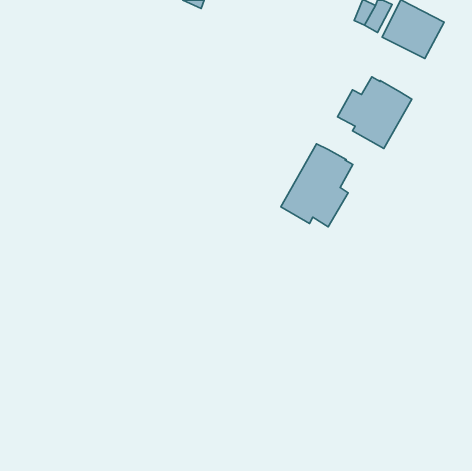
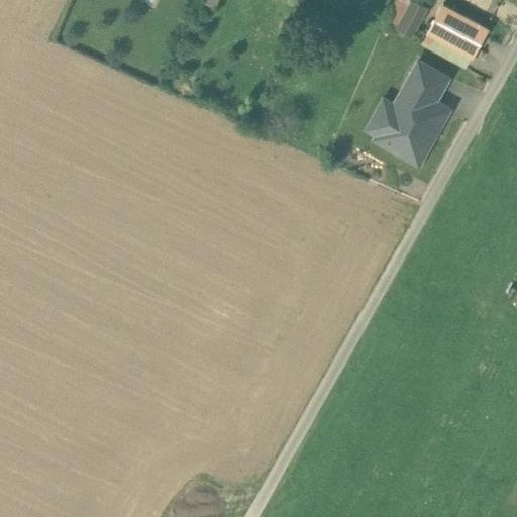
building: none -> [407,63,450,103]
building: [281,144,353,227] -> none

